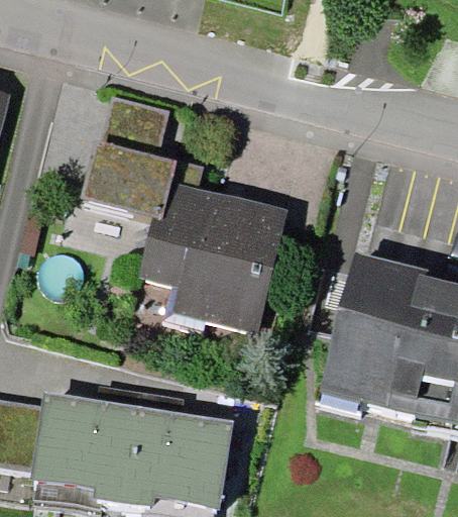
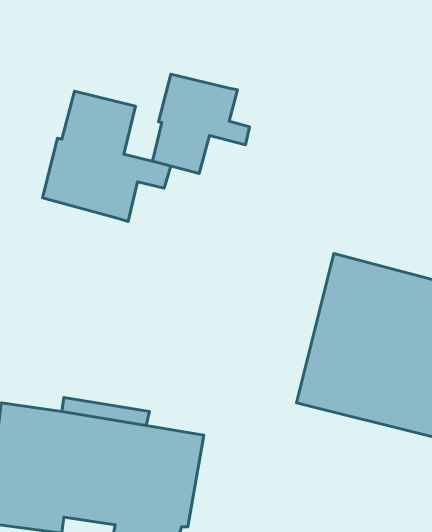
building: none -> [153,74,250,173]
building: [140,184,289,336] -> none

